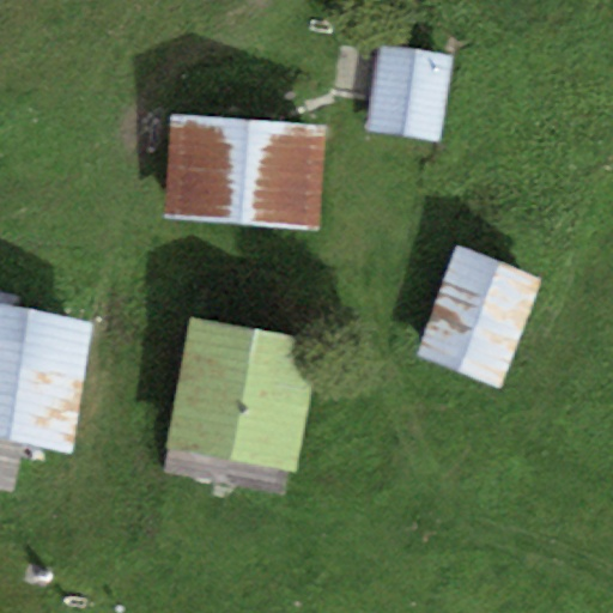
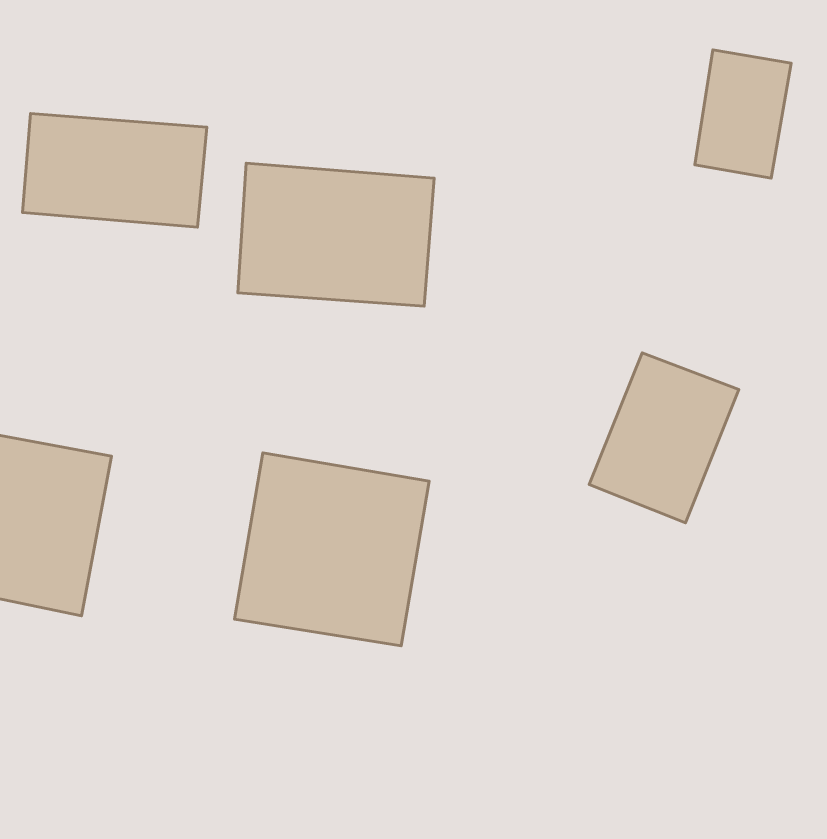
building: [372,45,442,138] -> [695,50,791,178]
building: none -> [23,114,207,227]

